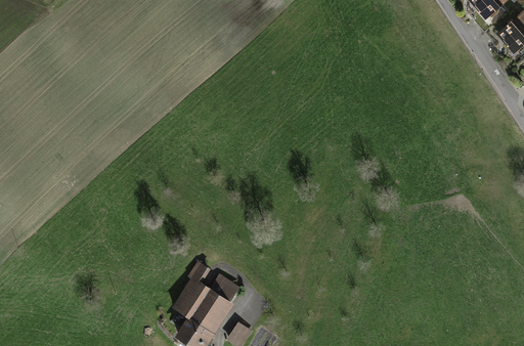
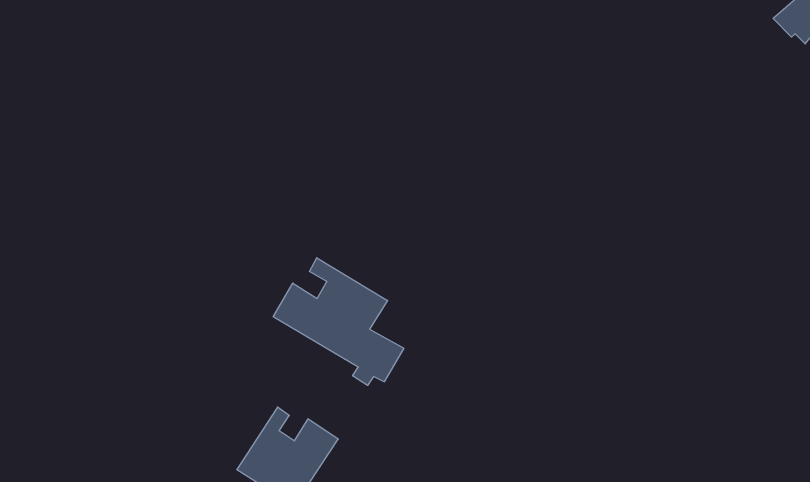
building: none -> [273,258,404,385]

